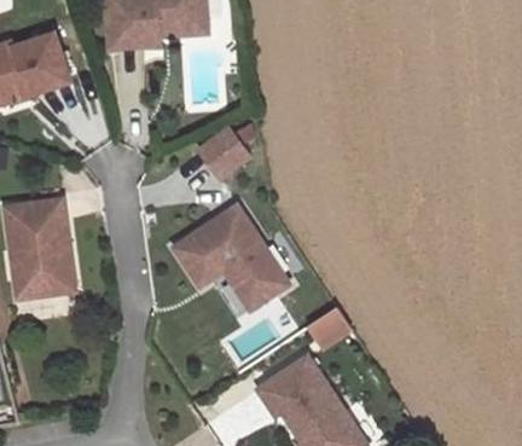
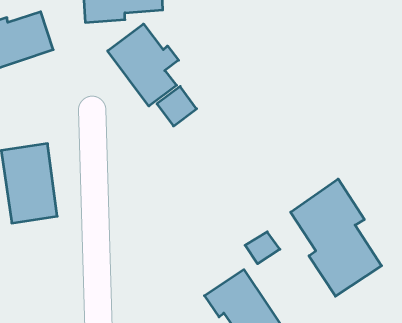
building: none -> [108,24,179,106]
building: [174,205,289,309] -> none
building: none -> [291,179,382,296]

